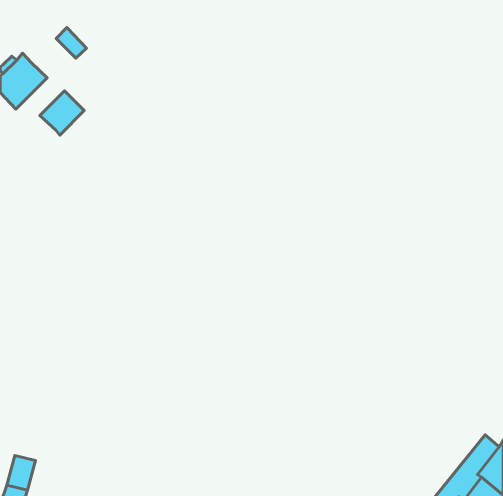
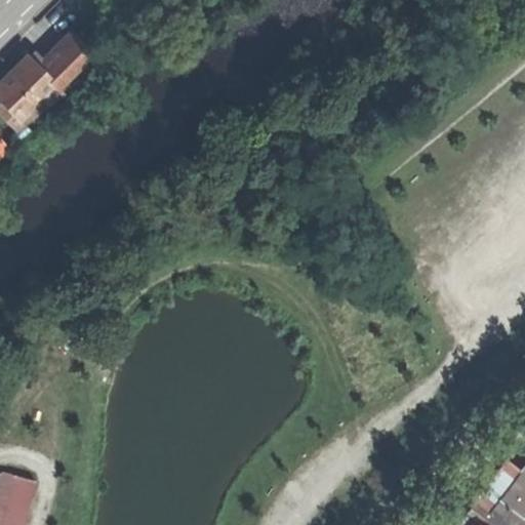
building: [40,91,84,135] -> [33,47,79,93]

